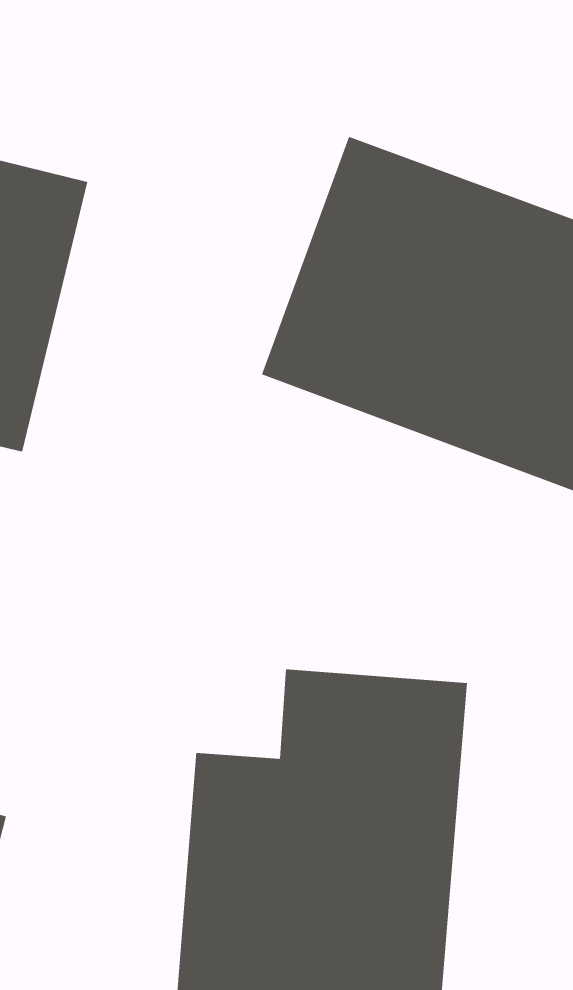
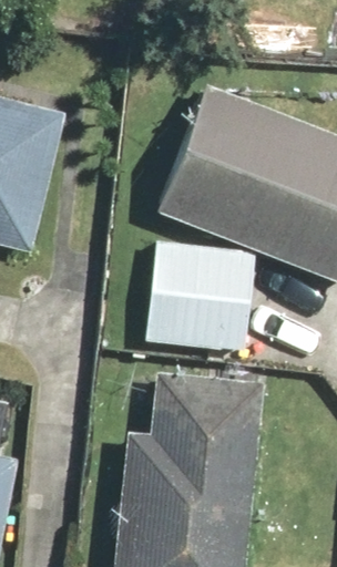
building: none -> [149,237,267,367]

